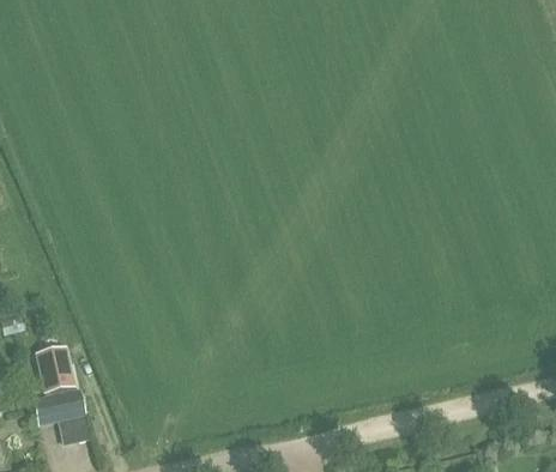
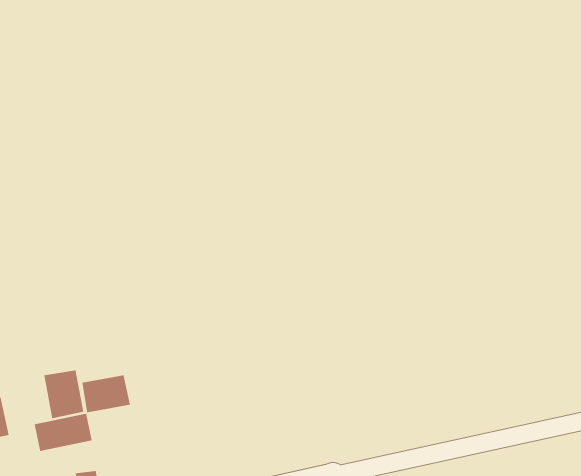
building: none -> [82,375,130,413]

